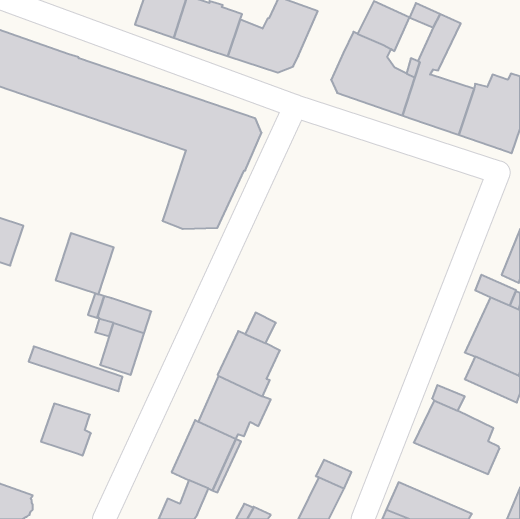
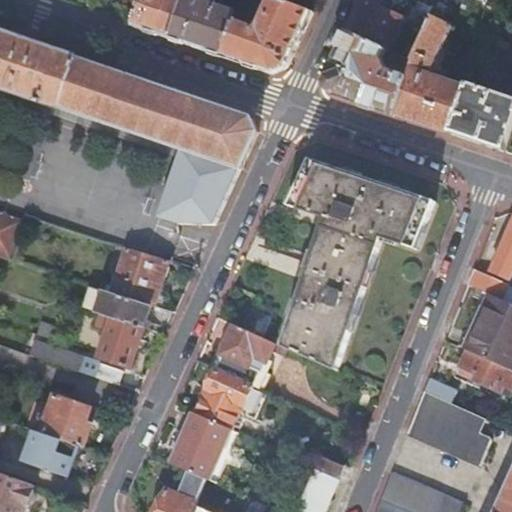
building: none -> [281,159,433,370]
building: [56,233,114,294] -> [109,246,166,306]
building: none -> [27,431,76,476]

